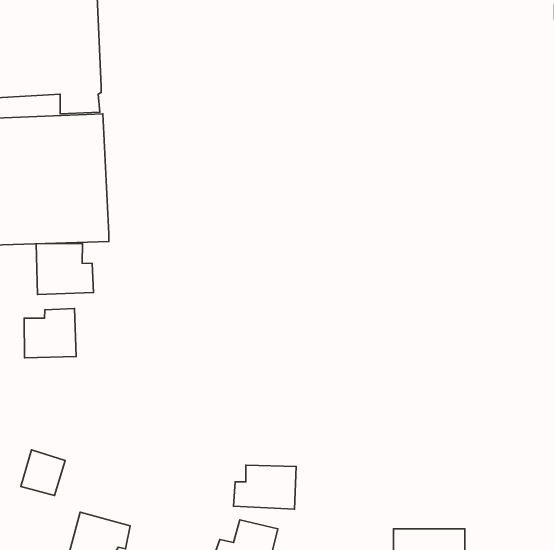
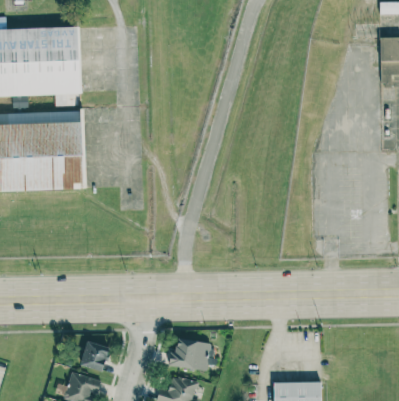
building: [36,243,93,294] -> none
building: [24,308,76,358] -> none
building: [21,450,65,496] -> [80,341,109,371]

